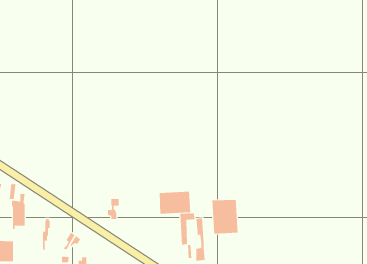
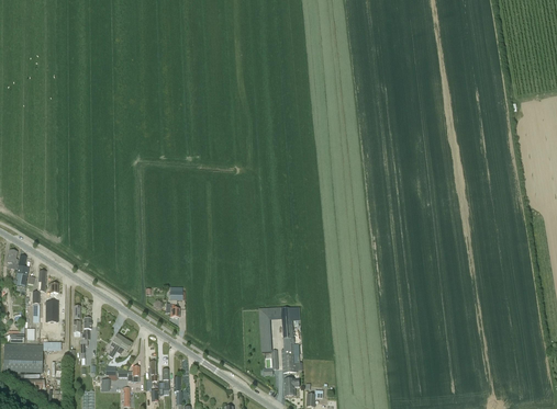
building: [159,191,191,215] -> none
building: [212,199,238,235] -> none

